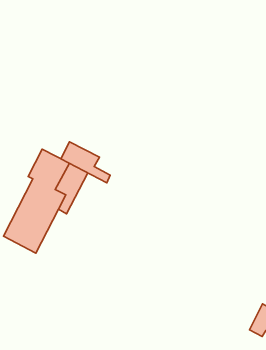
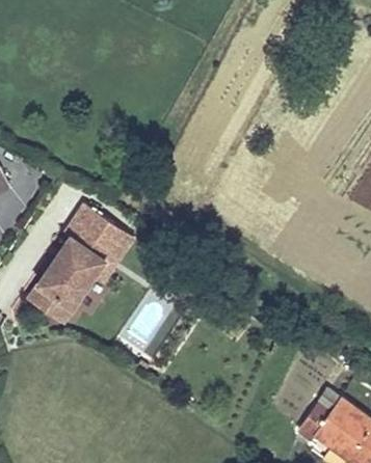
building: [61,142,110,183] -> none

